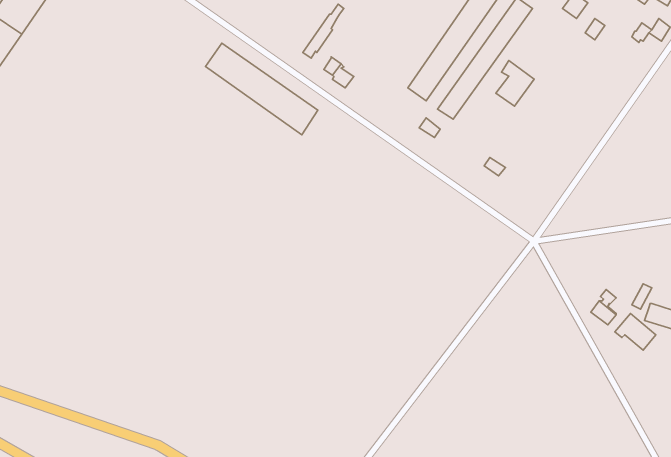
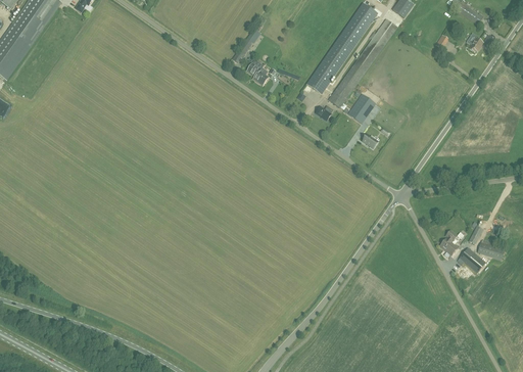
building: [205,43,318,135] -> none
building: [496,61,534,106] -> [347,90,375,123]

